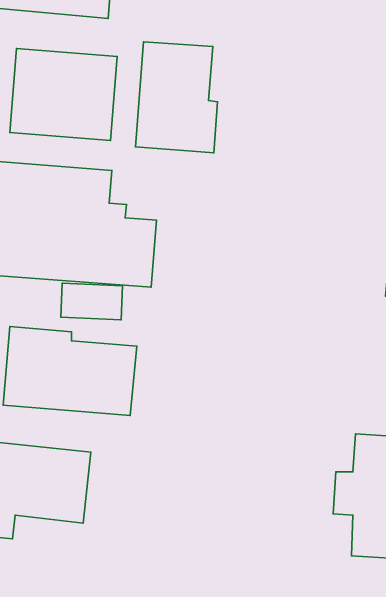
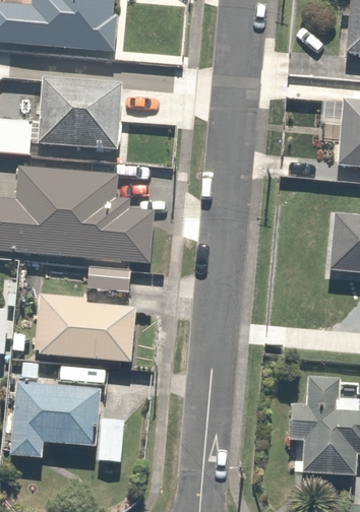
building: [135,42,218,153] -> none

